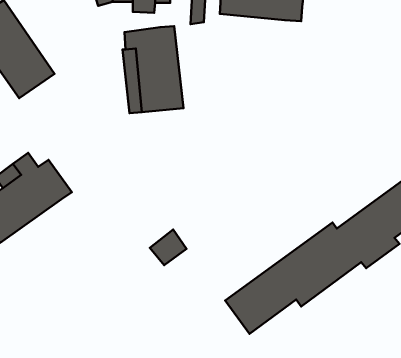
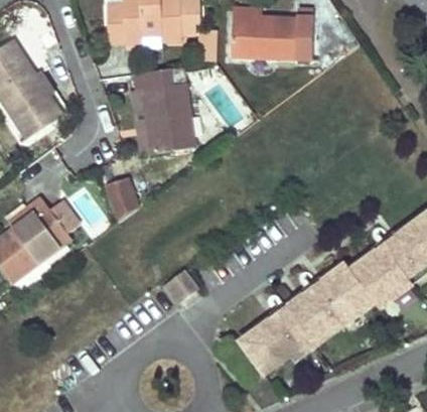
building: none -> [103,176,138,223]

